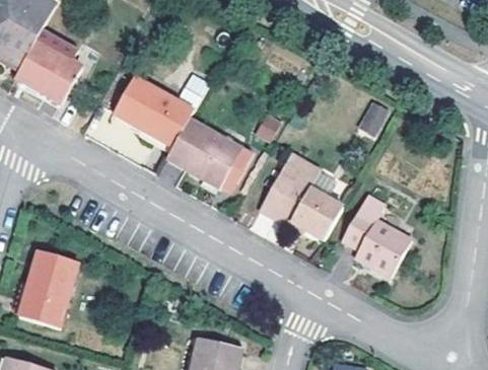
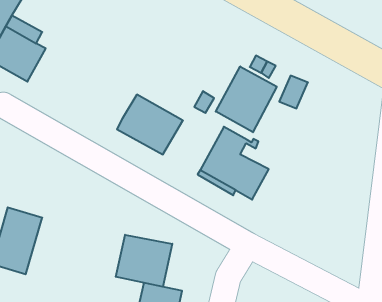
building: [113,75,195,146] -> none
building: none -> [216,66,277,132]
building: [342,197,413,277] -> none
building: none -> [116,235,172,287]

